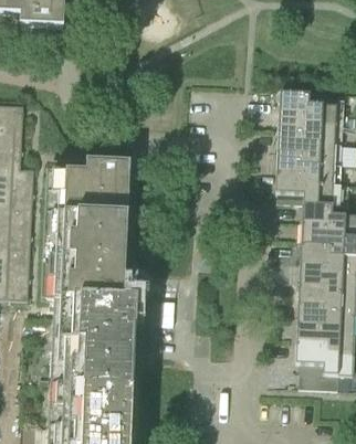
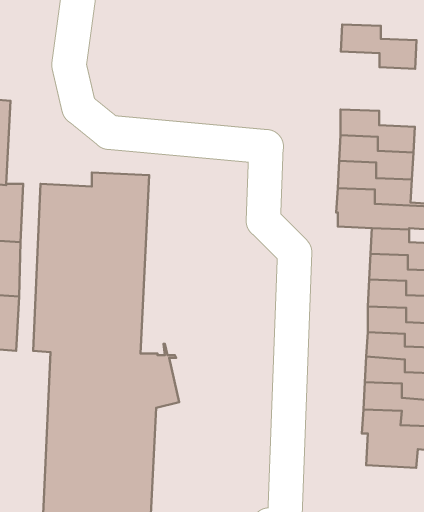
building: [279,92,337,126] -> [341,24,417,69]

